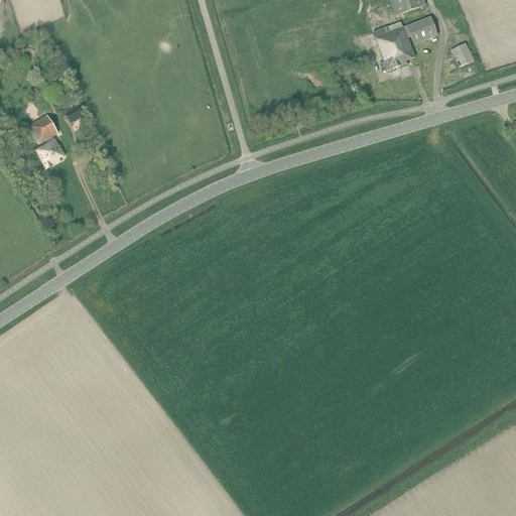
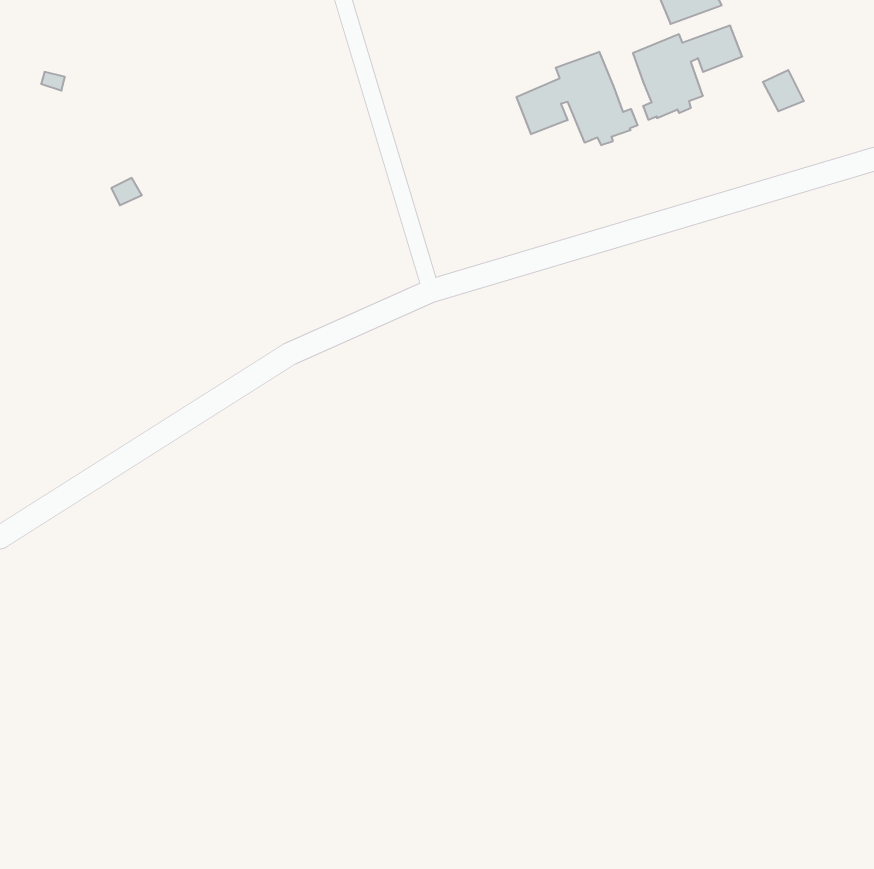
building: none -> [517,52,638,145]
building: [29,114,66,168] -> none

